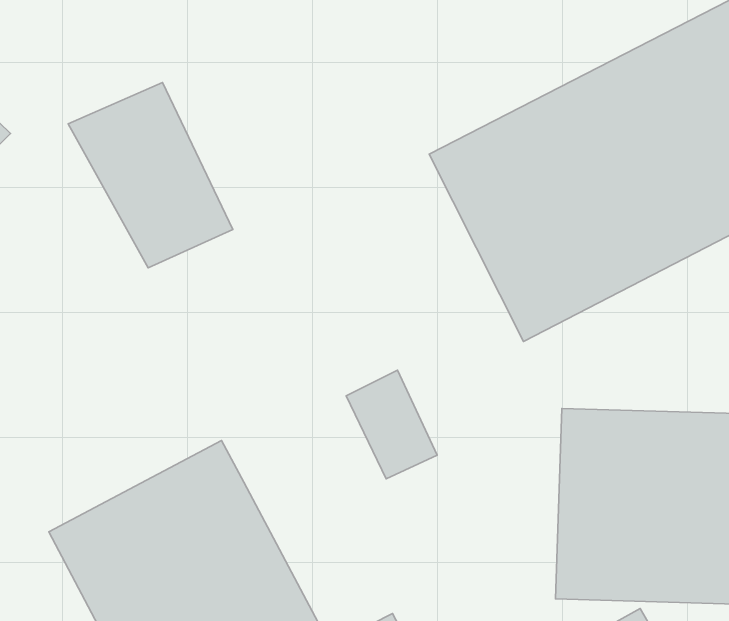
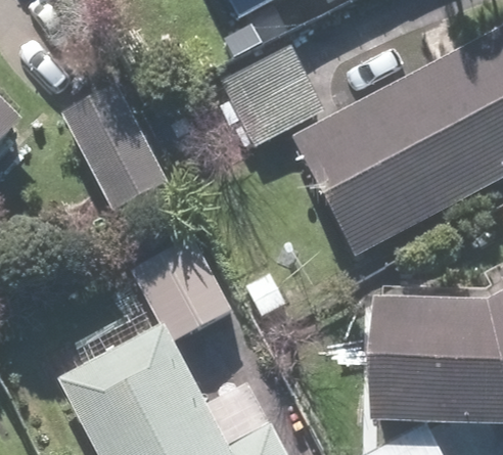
building: none -> [222,43,325,142]
building: none -> [134,240,234,344]

